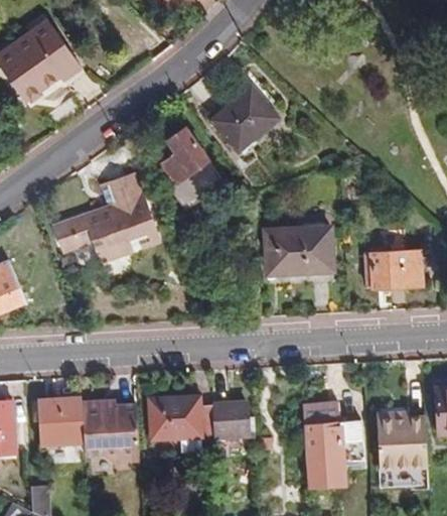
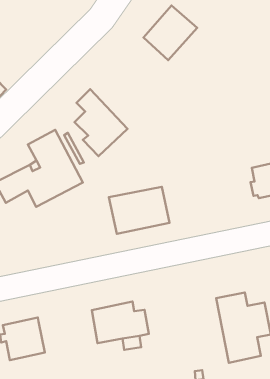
building: [210,85,278,151] -> [144,5,197,60]
building: [264,225,333,274] -> [109,187,170,234]
building: [81,399,140,462] -> none
building: [212,401,249,454] -> none

